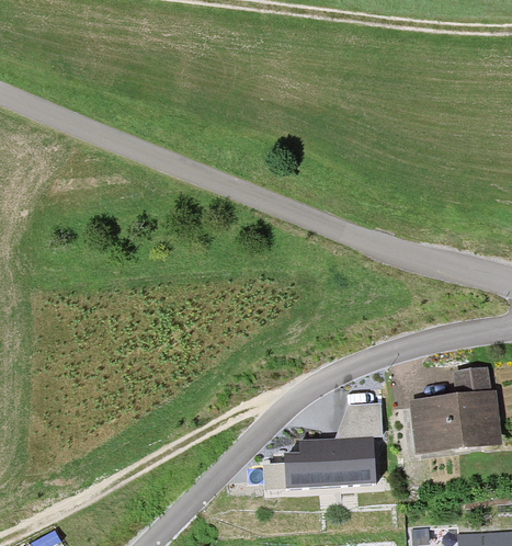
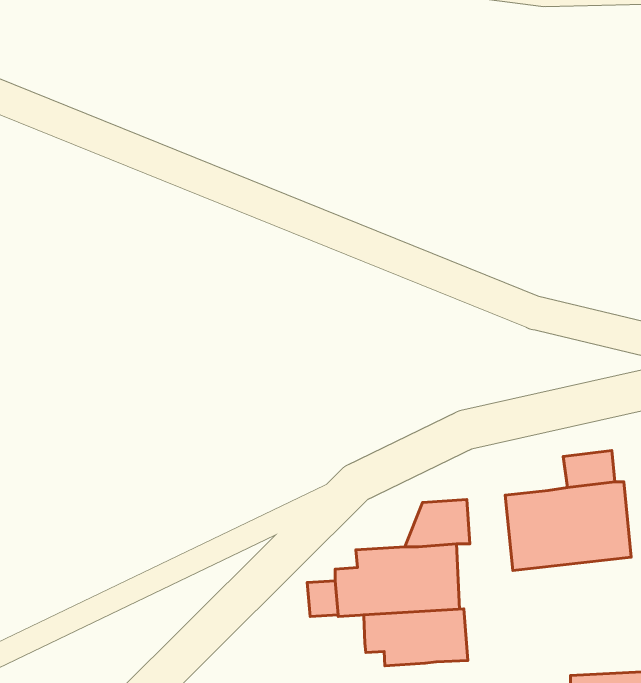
building: none -> [364,609,468,666]

